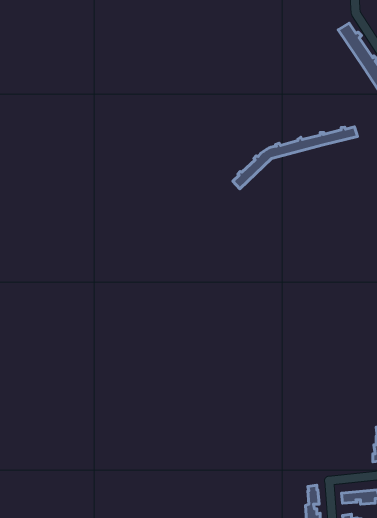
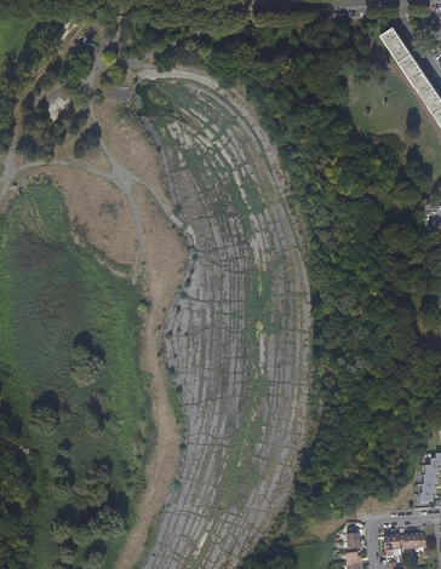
building: [233,127,358,189] -> none

